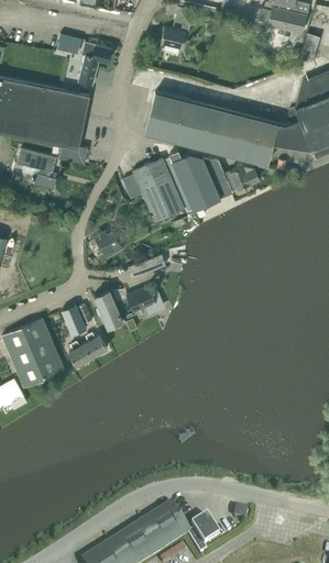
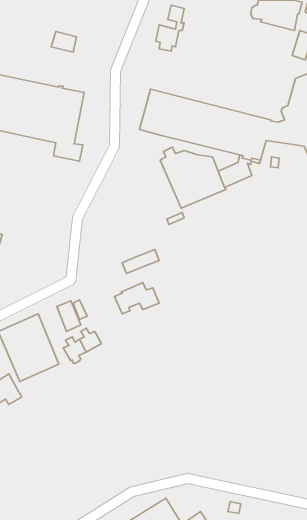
building: [78,42,111,86] -> none
building: [17,150,56,190] -> none
building: [123,159,184,222] -> none
building: [90,231,122,258] -> none
building: [95,291,123,329] -> none

